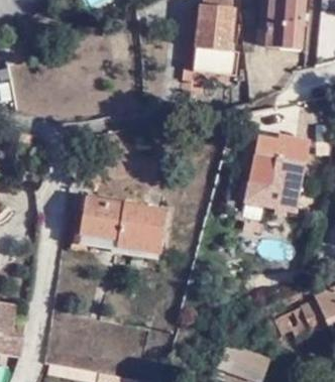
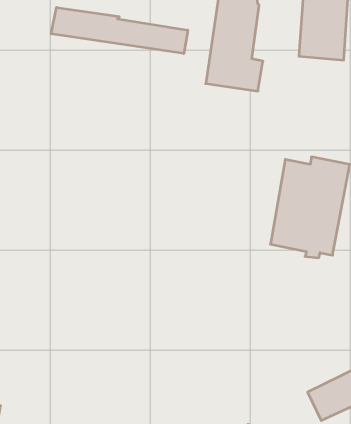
building: none -> [51,7,188,54]
building: [83,200,172,263] -> none

